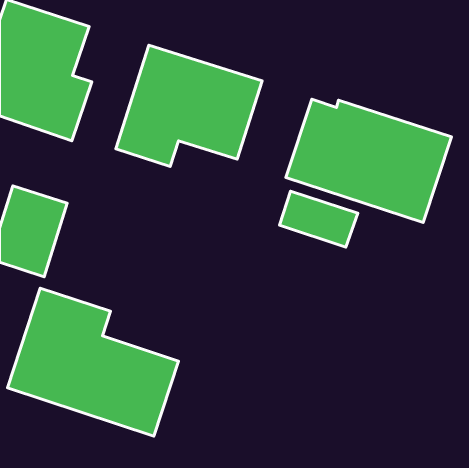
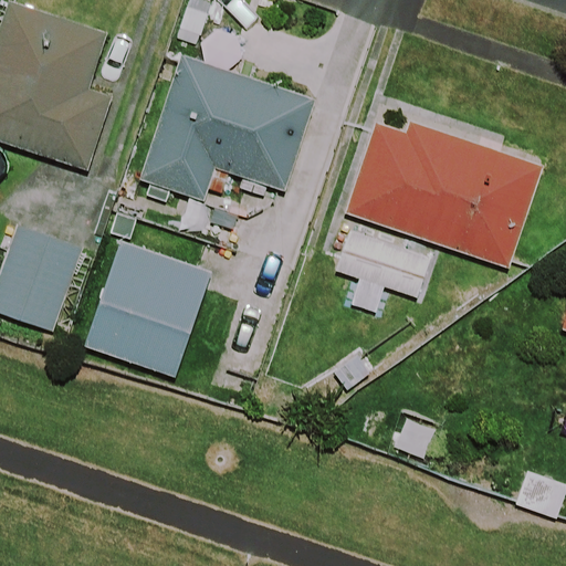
building: none -> [83,241,210,378]
building: [7,288,179,436] -> none

